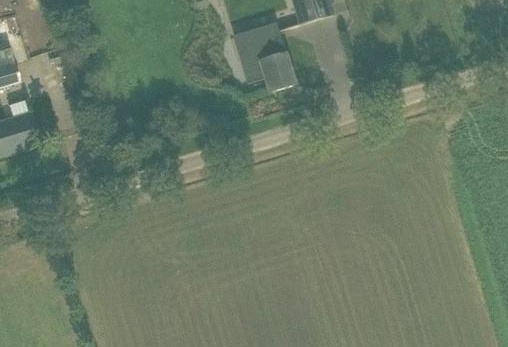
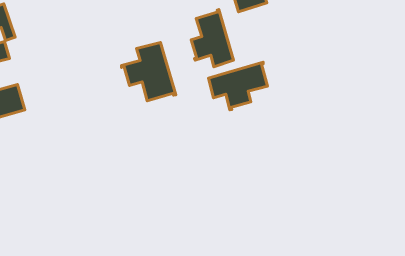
building: none -> [121,43,176,101]
building: none -> [209,62,268,110]

